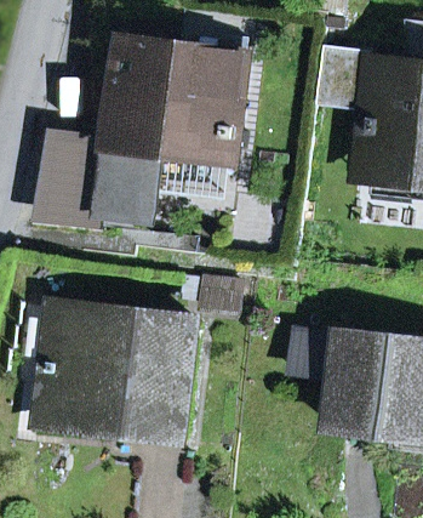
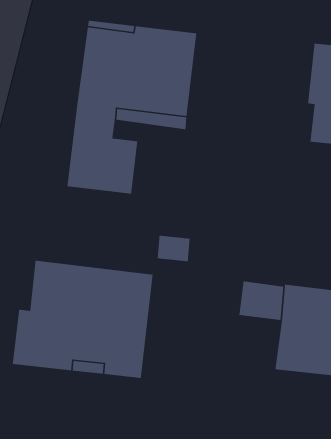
building: [28,130,107,226] -> none

